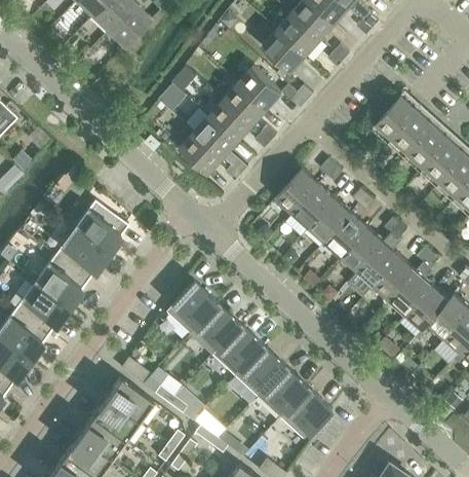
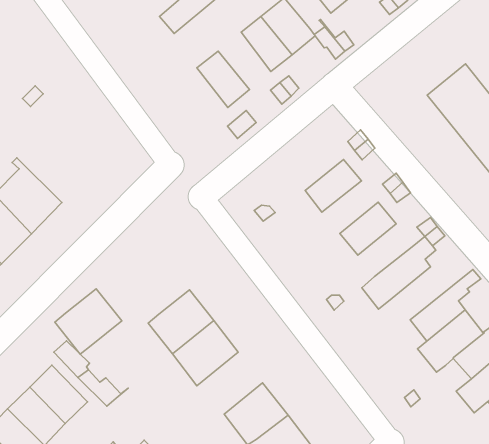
building: [209,99,252,142] -> none
building: [180,132,224,175] -> none
building: [276,169,319,213] -> none
building: [309,198,351,242] -> none
building: [68,199,128,252] -> none
building: [342,227,384,270] -> none
building: [374,247,432,299] -> none
building: [165,282,217,334] -> [55,289,122,354]
building: [234,345,284,397] -> none
building: [167,387,204,421] -> none

